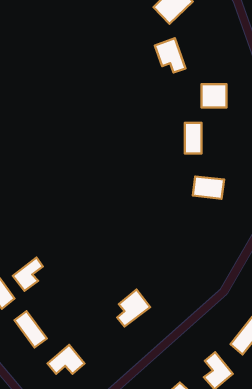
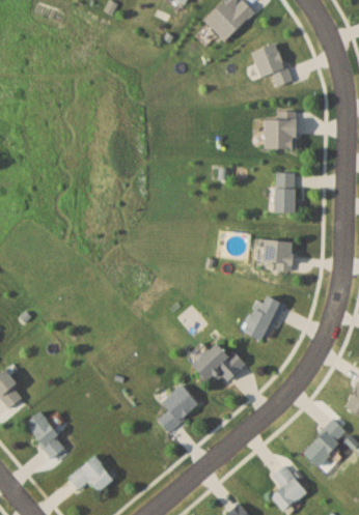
building: [155,38,185,73] -> [252,41,292,86]
building: [185,123,202,153] -> [276,172,298,211]
building: none -> [246,292,285,341]
building: none -> [193,340,244,382]
building: [13,258,43,291] -> none

